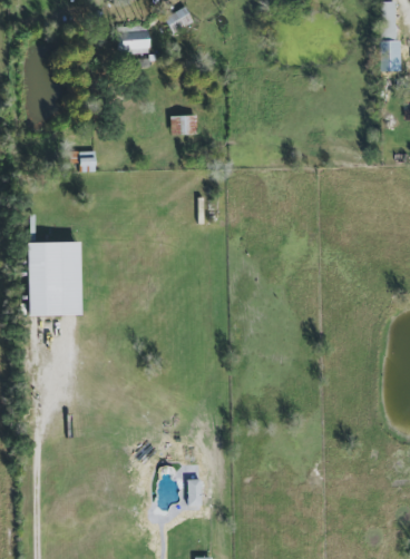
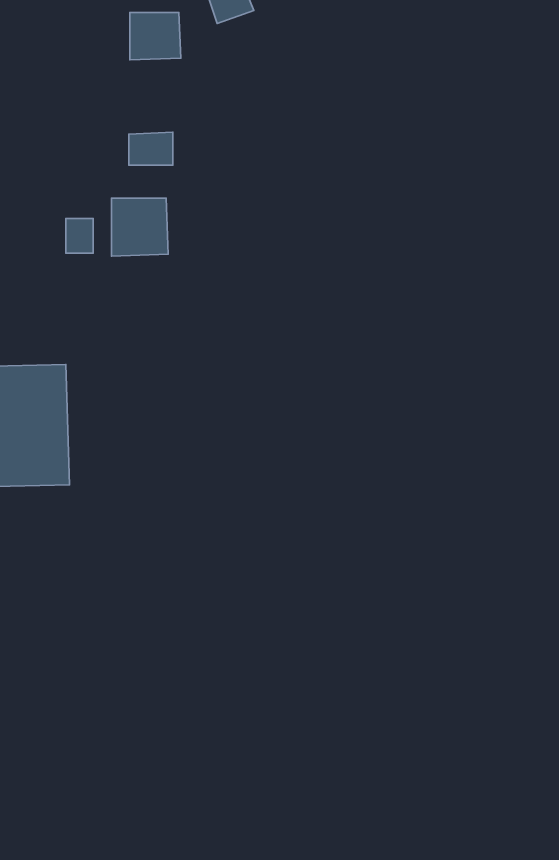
building: [172,115,198,135] -> [129,132,173,165]
building: none -> [111,198,168,256]

